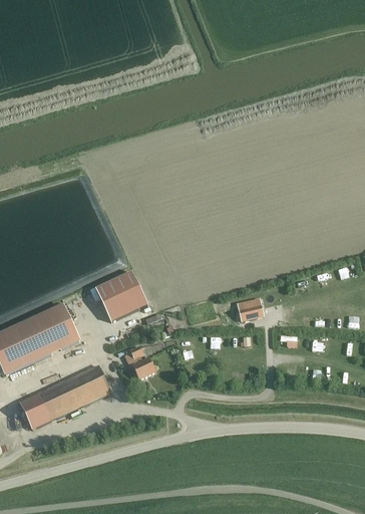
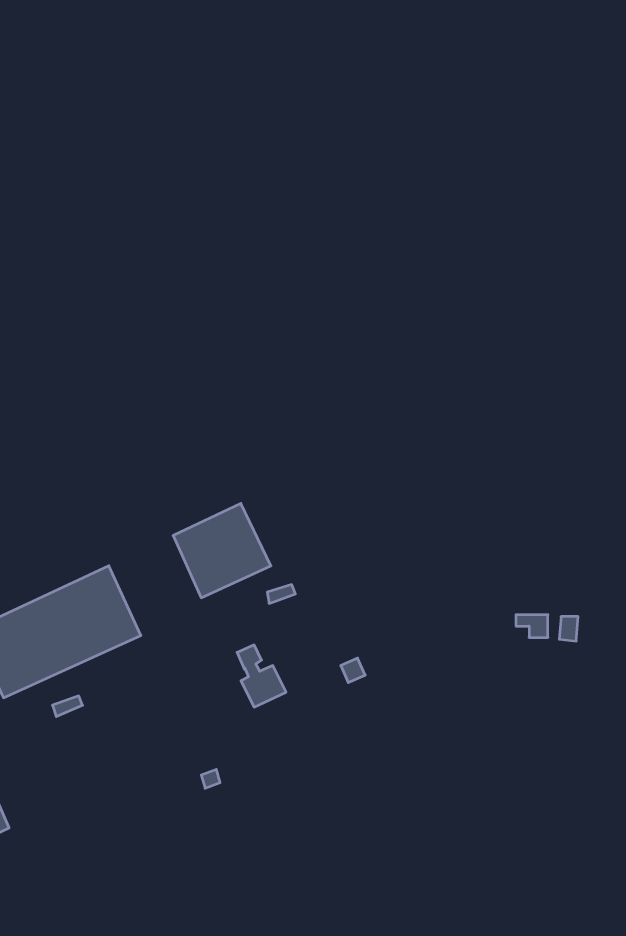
building: [237,298,261,321] -> none
building: [18,365,109,429] -> none

